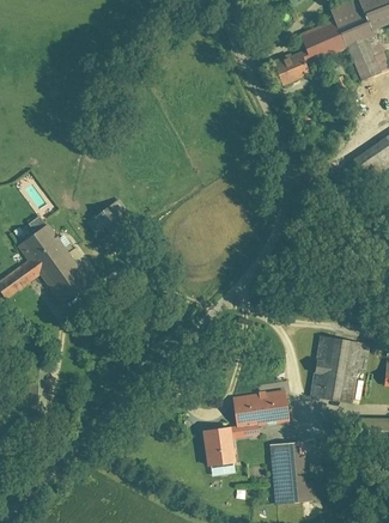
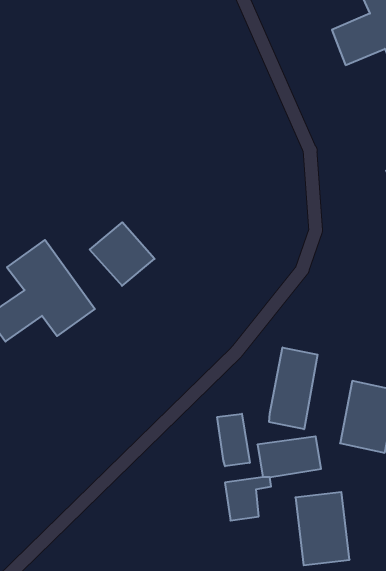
building: [274,49,312,83] -> none
building: none -> [269,347,318,429]
building: none -> [217,414,250,466]

